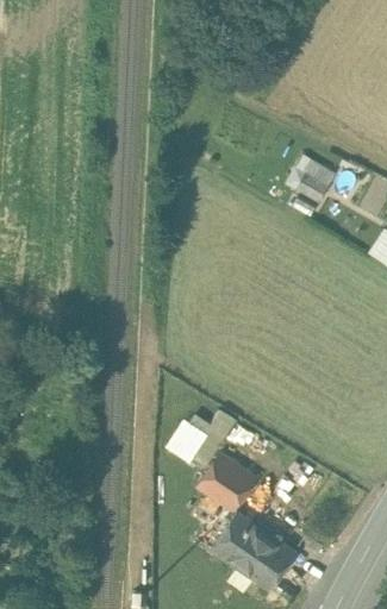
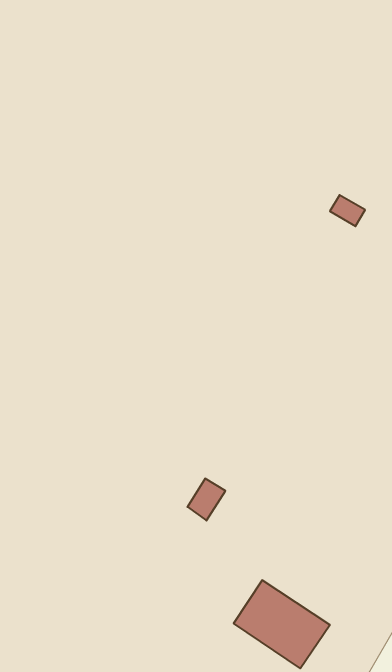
building: [200,457,255,510] -> none

